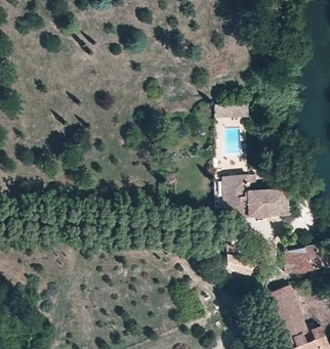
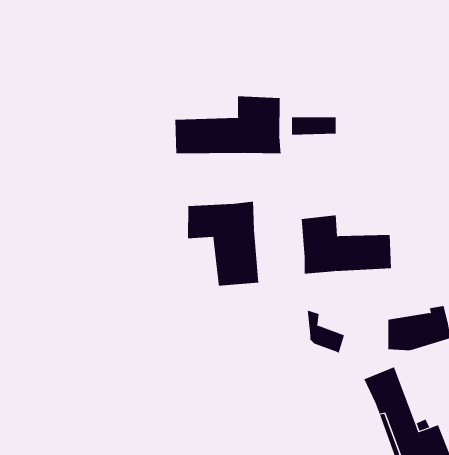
building: none -> [175,95,281,154]
building: none -> [188,201,259,286]

